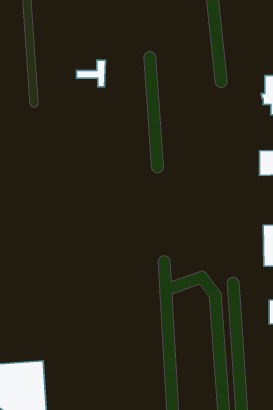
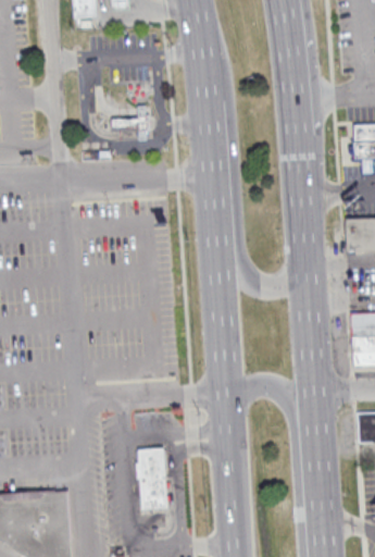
building: none -> [134,446,165,508]

